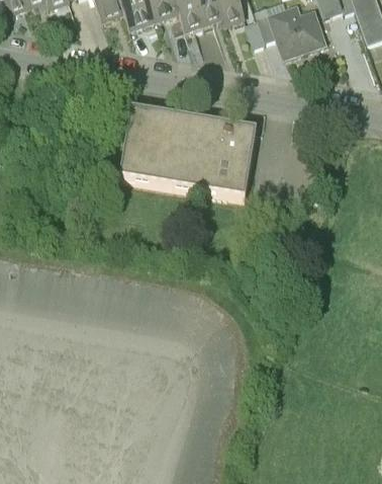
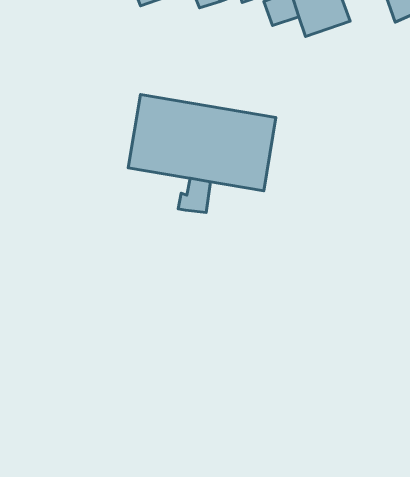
building: none -> [178,178,211,213]

